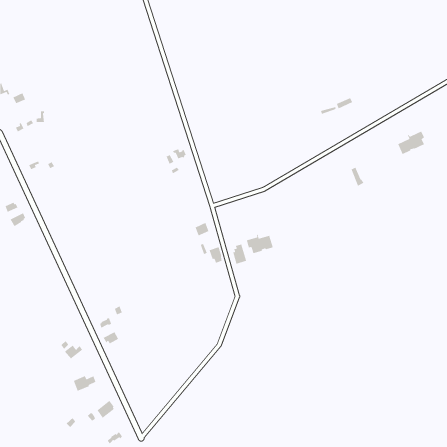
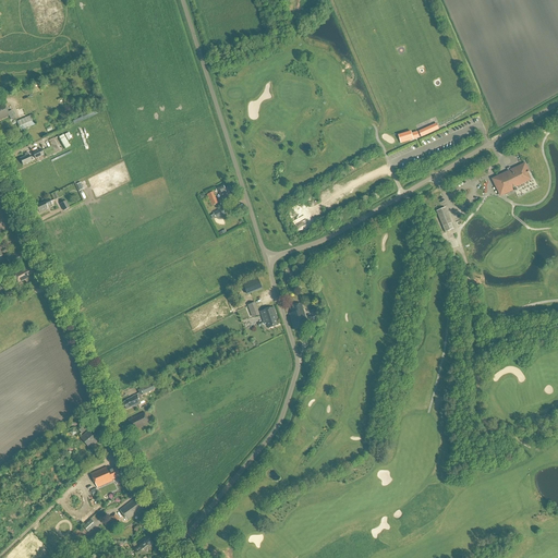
building: [246,234,274,254] -> none

